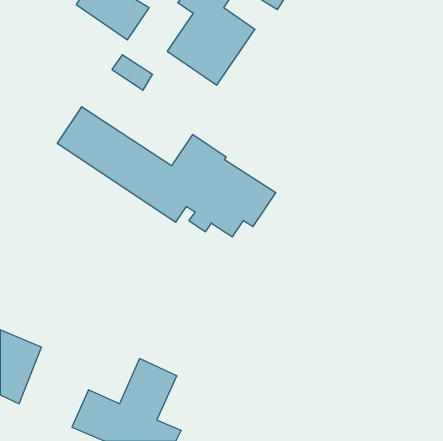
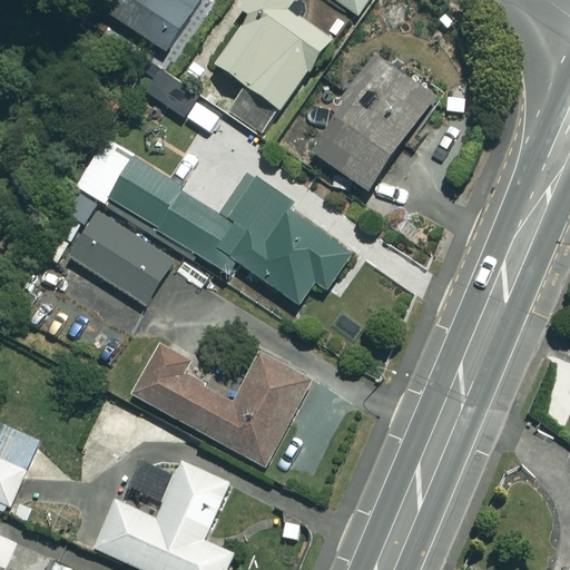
building: none -> [307,51,433,191]
building: none -> [67,209,174,305]
building: none -> [135,350,311,466]

